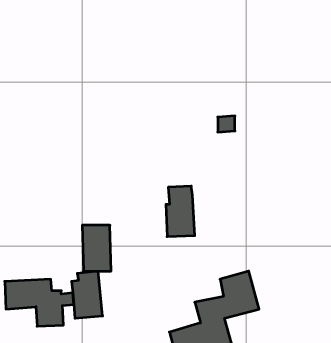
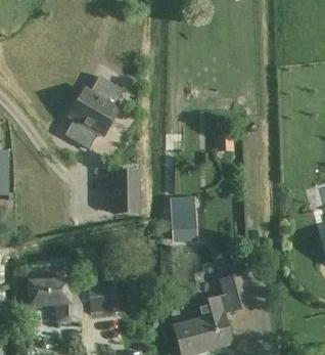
building: none -> [64,75,125,148]
building: [82,225,111,271] -> [113,171,139,212]

